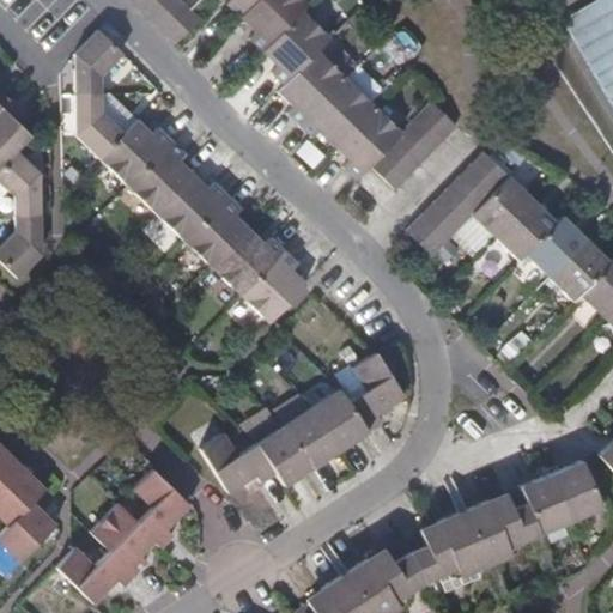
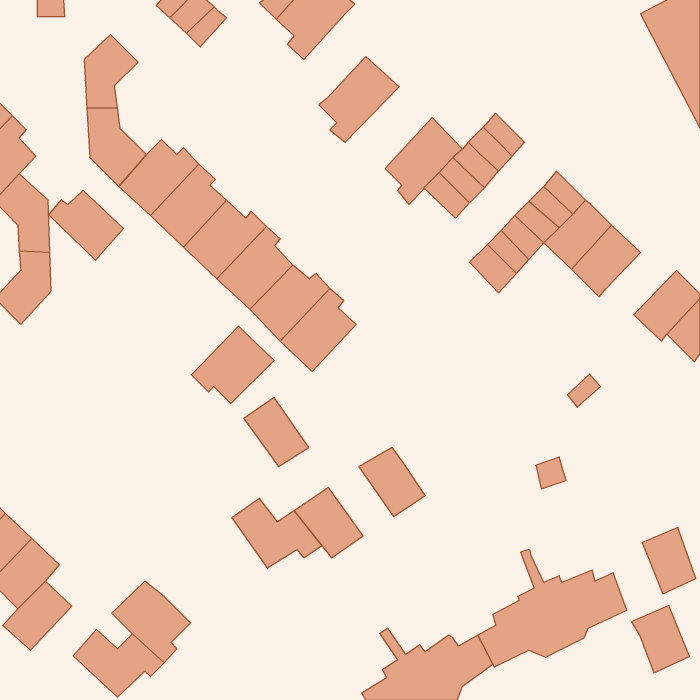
building: [263,12,328,85] -> none
building: [299,75,375,146] -> none
building: none -> [49,190,123,260]
building: [526,212,587,273] -> none
building: none -> [191,326,274,404]
building: [350,352,406,430] -> none
building: [285,405,341,465] -> [244,398,309,467]
building: [138,467,200,545] -> none
building: [524,471,575,529] -> [632,605,690,673]

